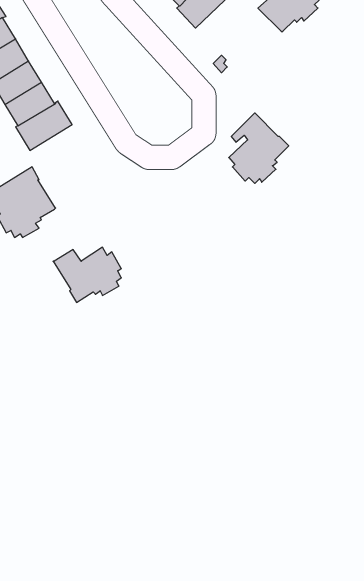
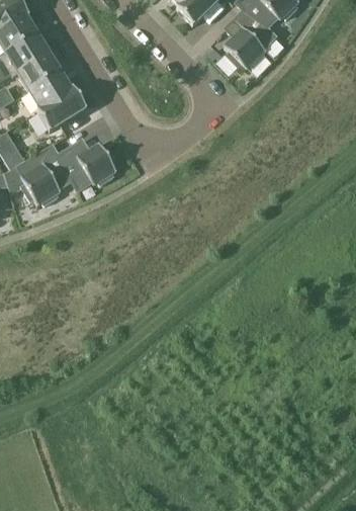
building: [229,113,289,183] -> [225,7,276,68]
building: [53,247,121,302] -> [58,143,116,190]

